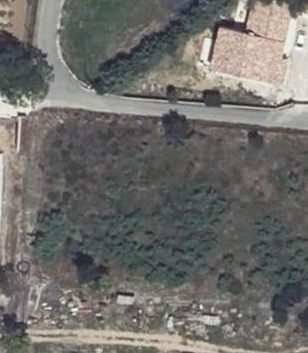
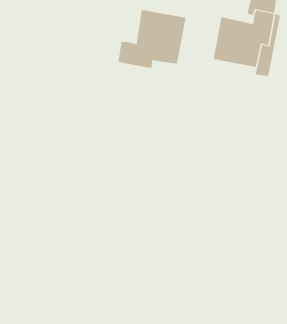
building: none -> [118,9,186,69]

